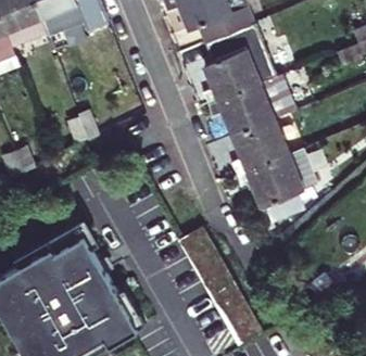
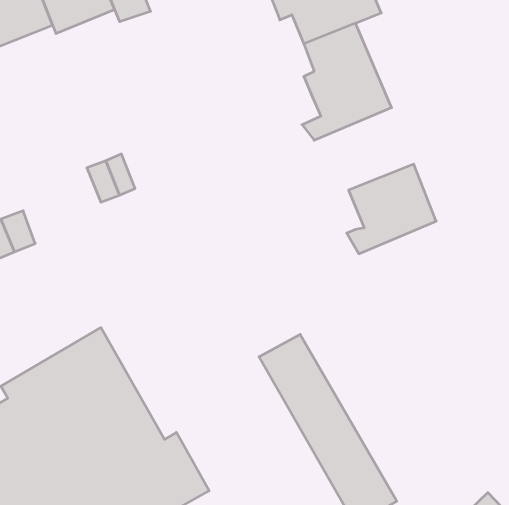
building: [212,75,296,136] -> none
building: [240,150,318,220] -> none

